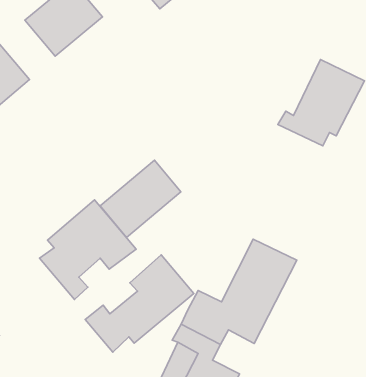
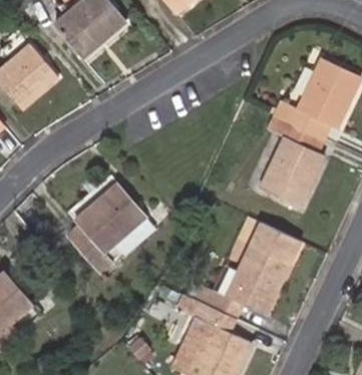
building: none -> [259,114,323,206]
building: [100,160,181,237] -> none
building: [85,255,194,352] -> none

